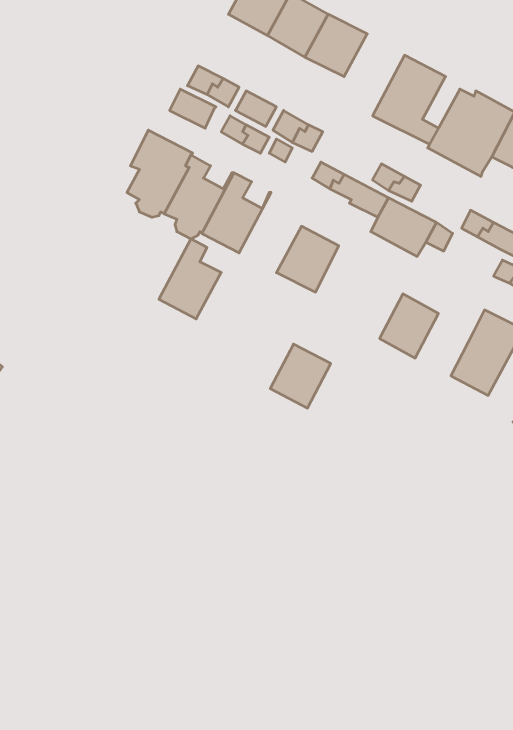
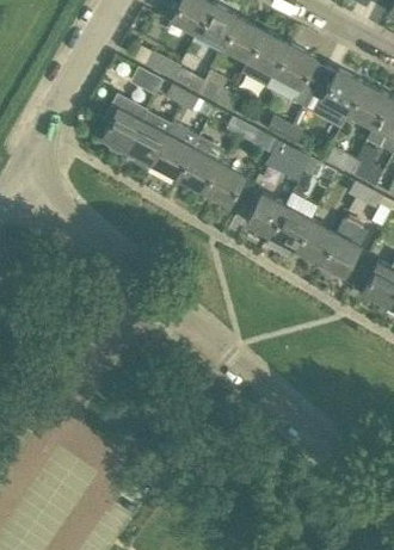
building: none -> [242,31,290,86]
building: [159,239,221,319] -> [179,137,221,191]
building: none -> [297,218,337,260]
building: [270,344,331,408] -> [248,192,289,235]

